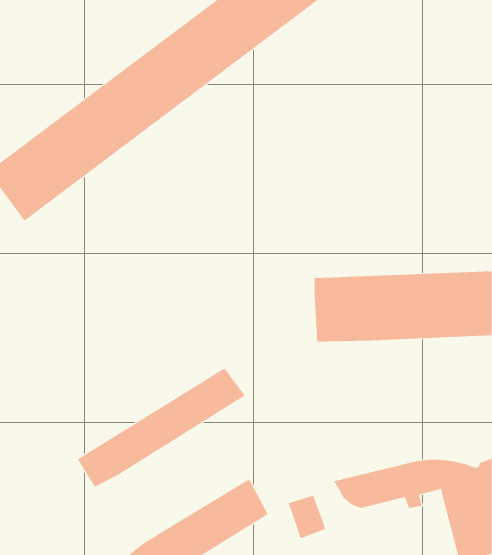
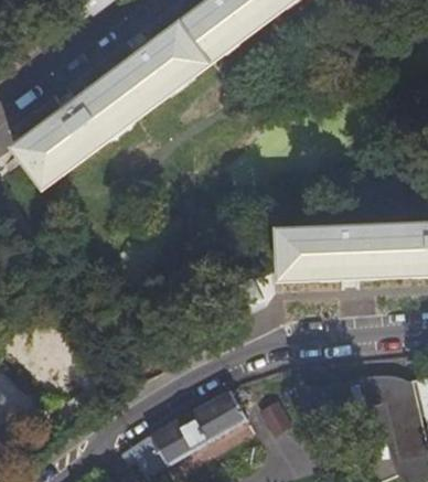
building: [77,368,246,488] -> none

